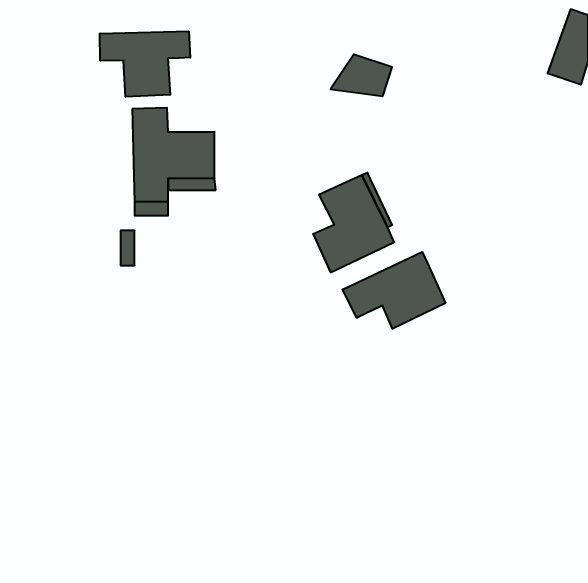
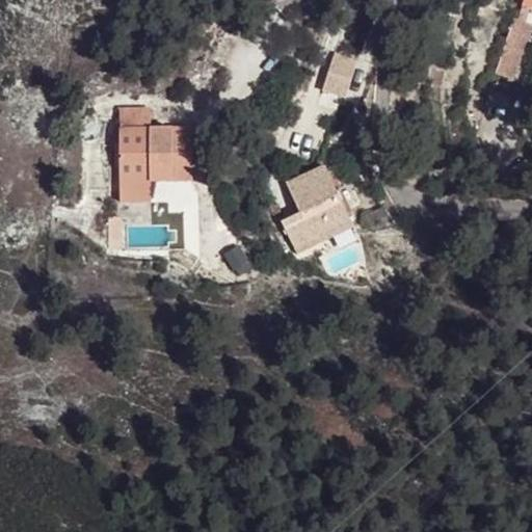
building: [100,31,190,97] -> none
building: [343,252,445,329] -> none

